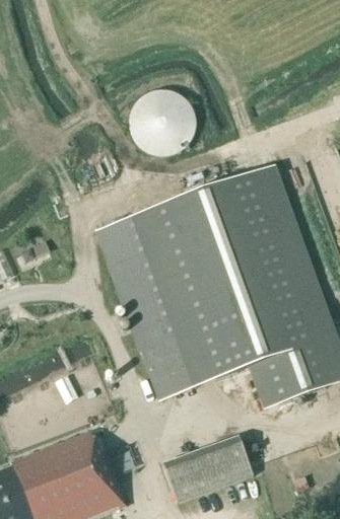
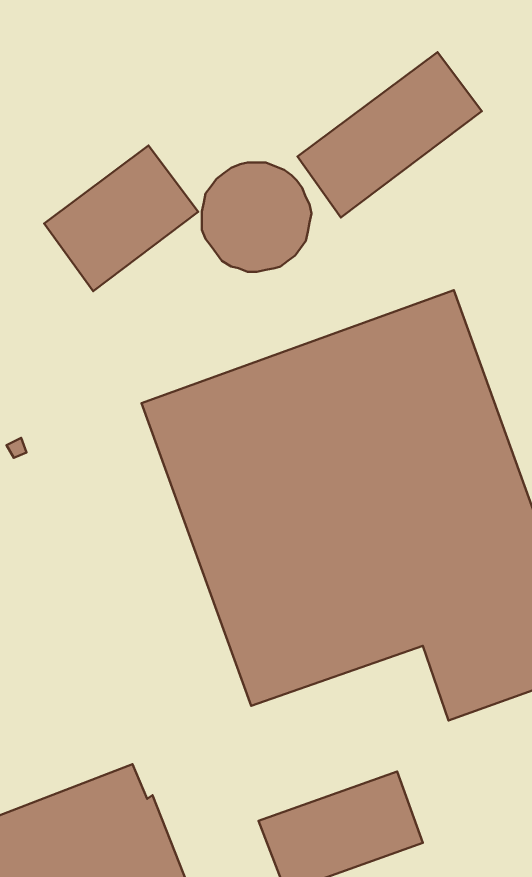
building: none -> [298,52,482,218]
building: none -> [44,146,198,291]

